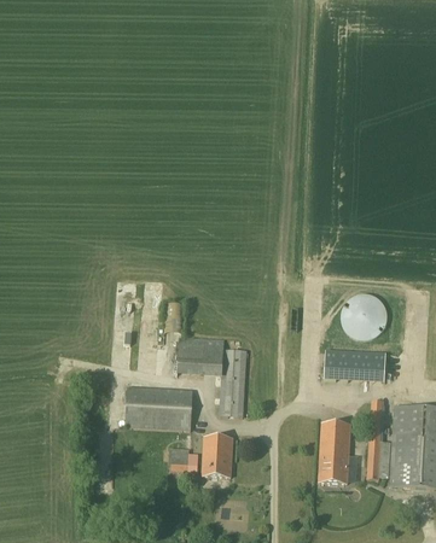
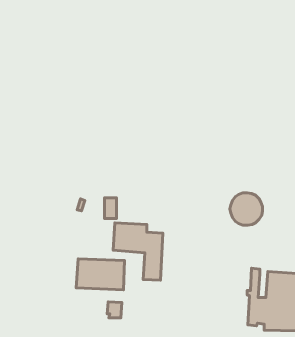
building: [325,349,386,383] -> none
building: [319,422,351,483] -> none
building: [202,436,233,477] -> none

